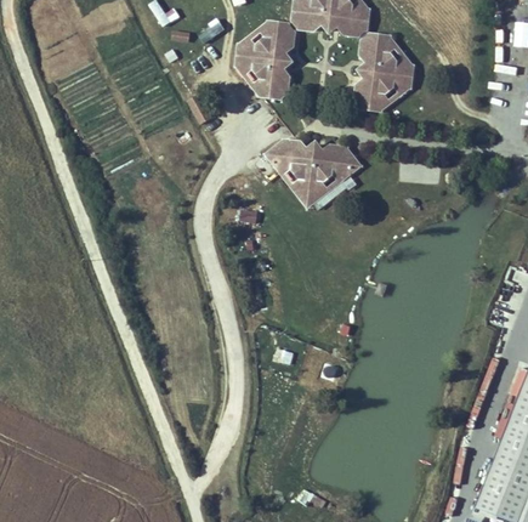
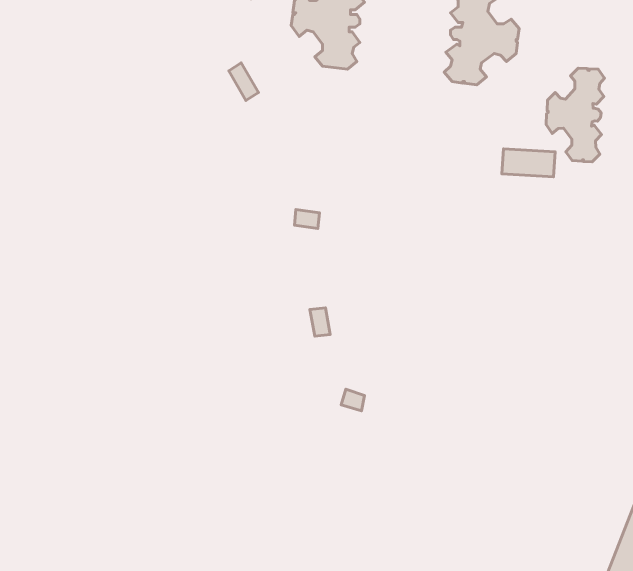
building: none -> [546,68,604,162]
building: [266,141,359,208] -> none

